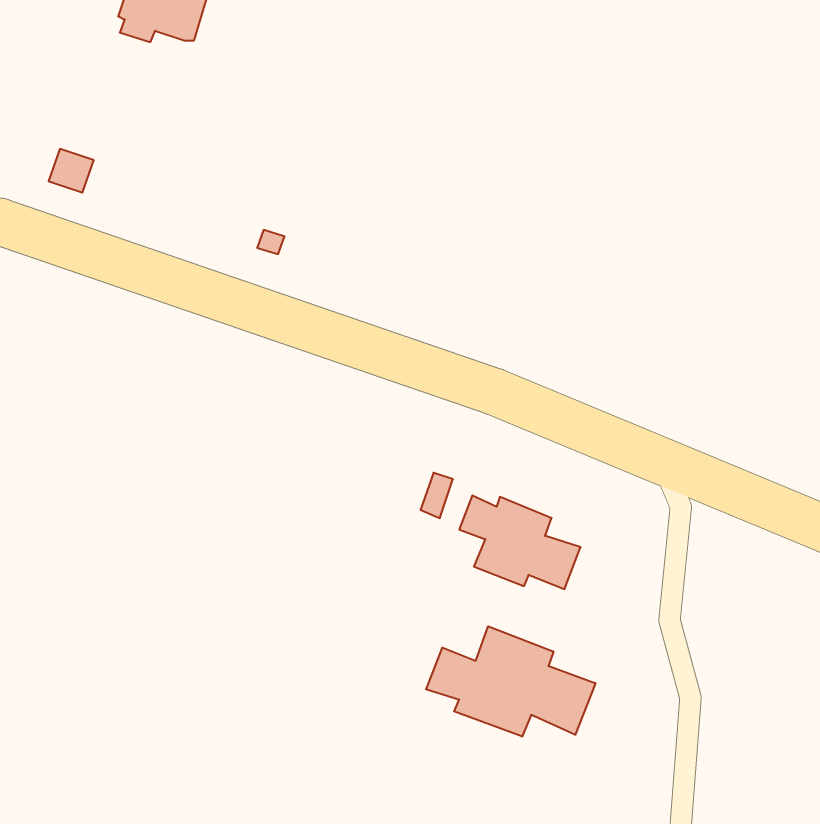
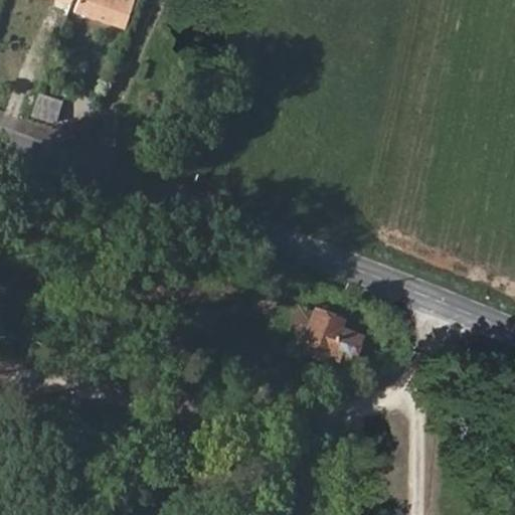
building: [426,626,595,737] -> none

